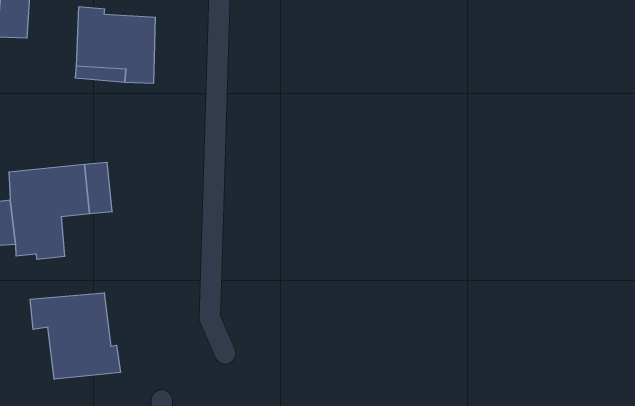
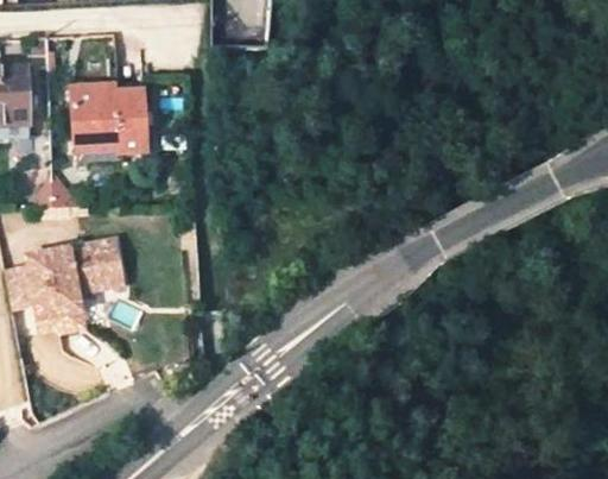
building: [30,293,121,379] -> none

